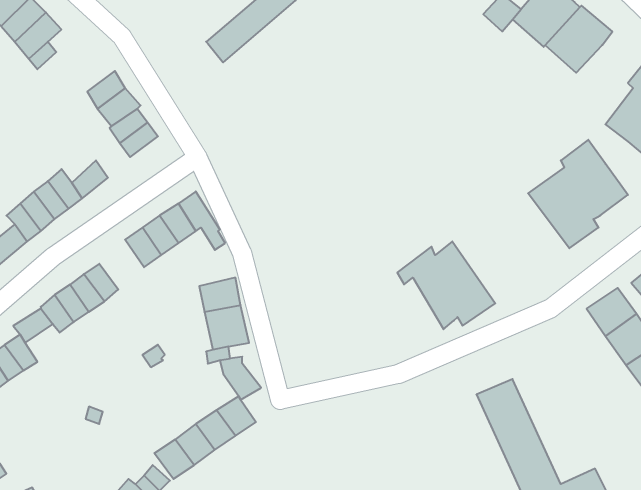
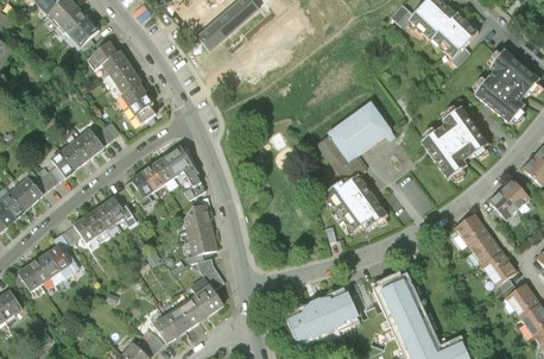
building: none -> [91,42,131,73]
building: none -> [337,103,397,159]
building: none -> [286,283,361,339]

